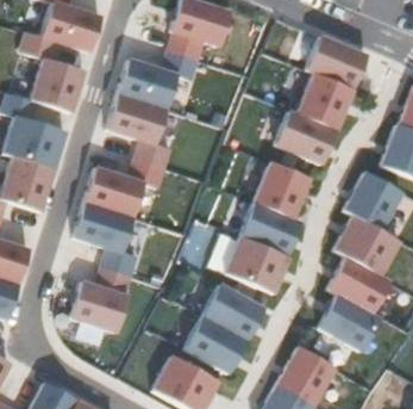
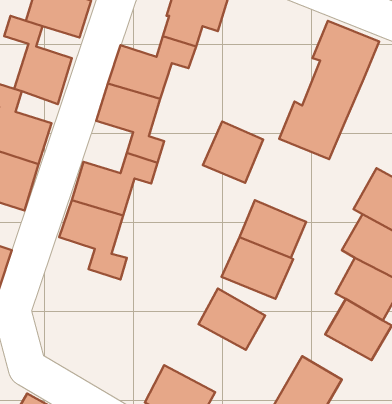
building: [255,162,311,219] -> [203,122,263,183]
building: [70,267,130,333] -> none
building: [184,318,246,374] -> none

